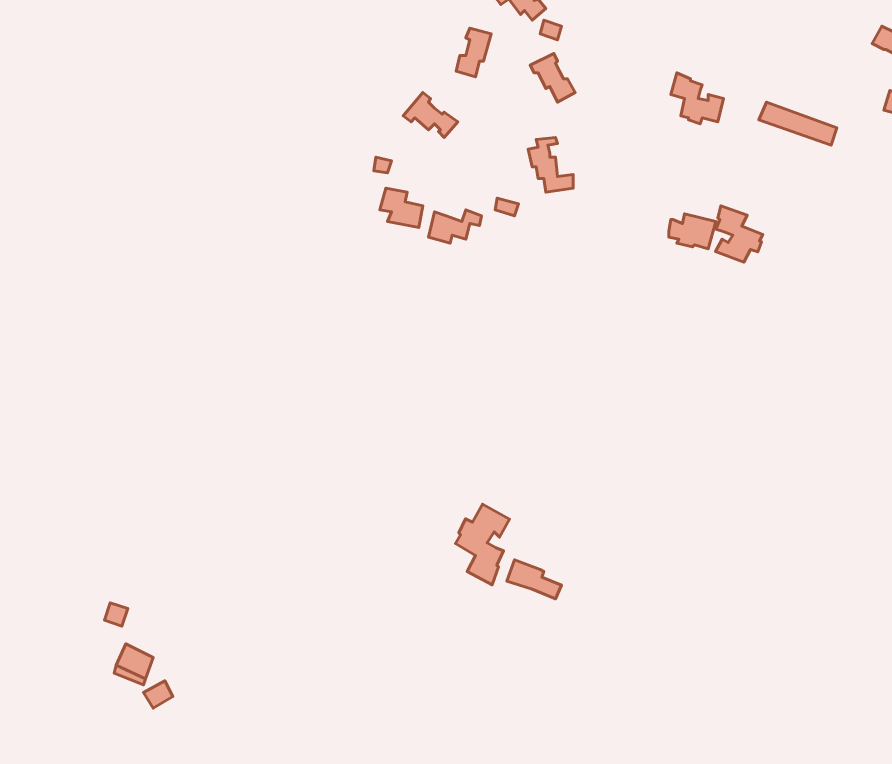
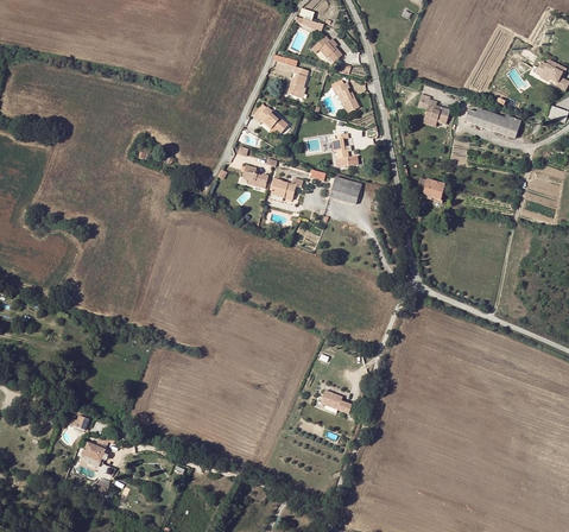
building: [716,206,763,262] -> none
building: none -> [329,177,361,203]
building: [456,504,509,585] -> none

